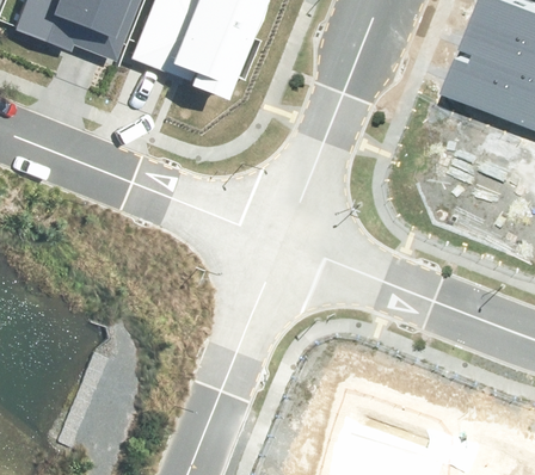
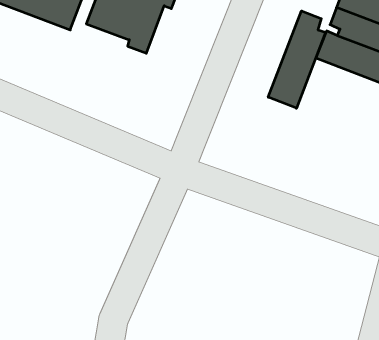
building: none -> [268,11,325,108]

